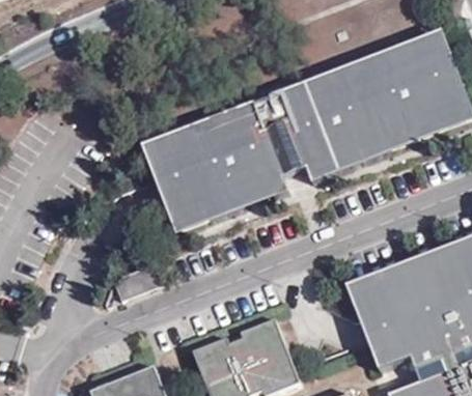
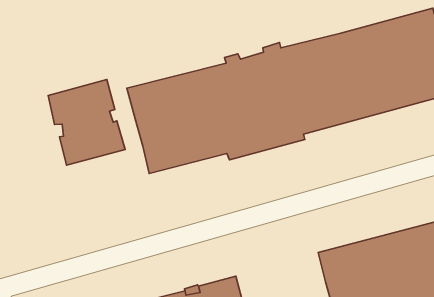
building: none -> [48,80,125,165]

